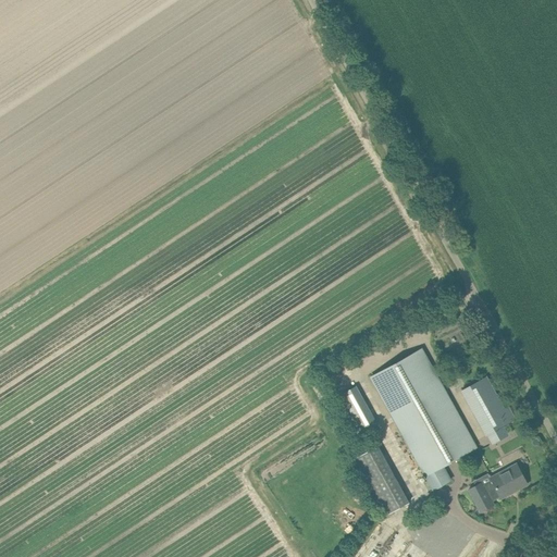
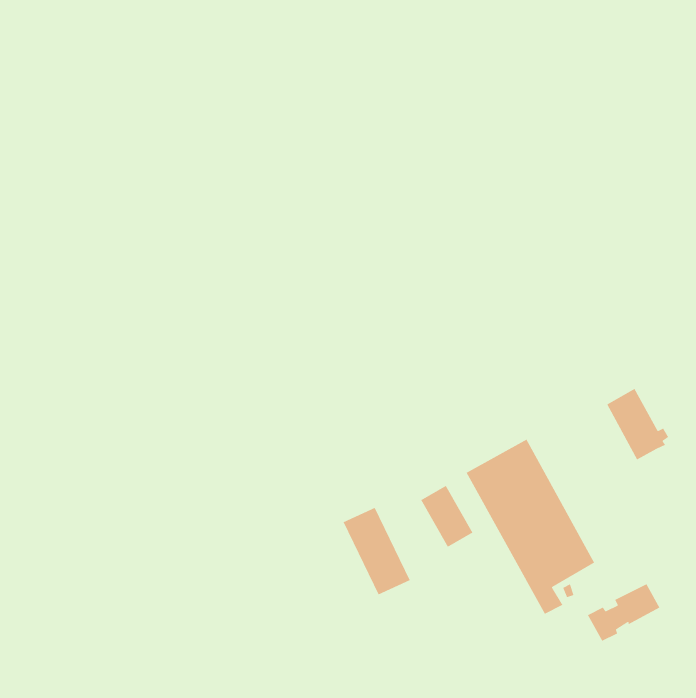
building: [463,376,513,444] -> [606,388,669,473]
building: [357,445,411,516] -> [343,507,411,596]

